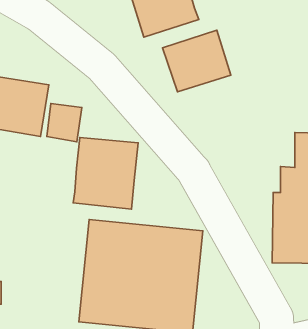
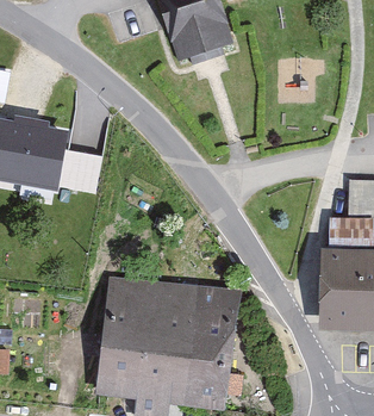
building: [162,30,231,92] -> none
building: [73,137,138,209] -> none

